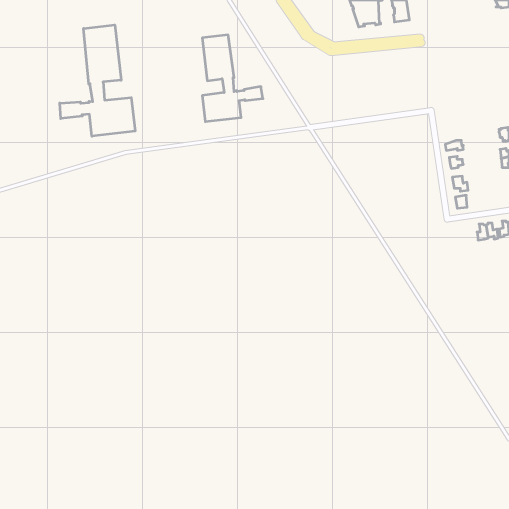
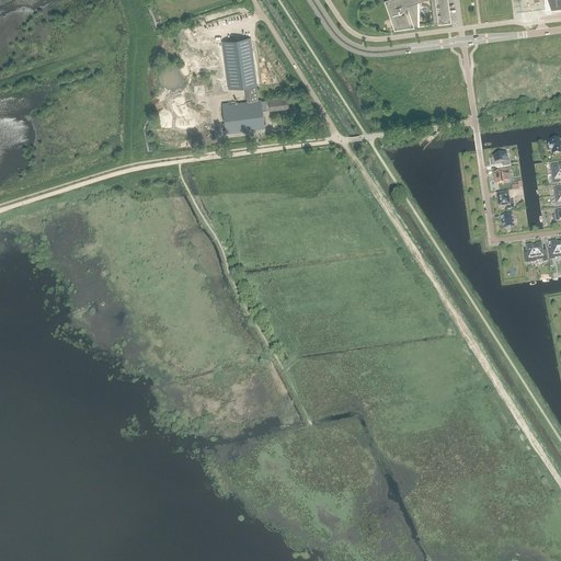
building: [60,25,135,136] -> none

